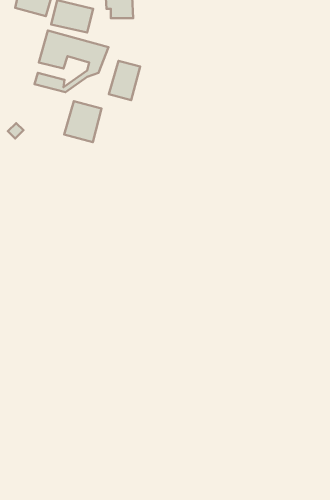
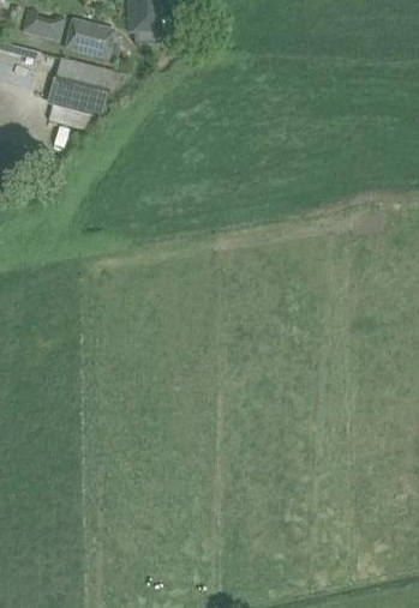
building: [109,61,140,100] -> none
building: [64,101,102,142] -> none

